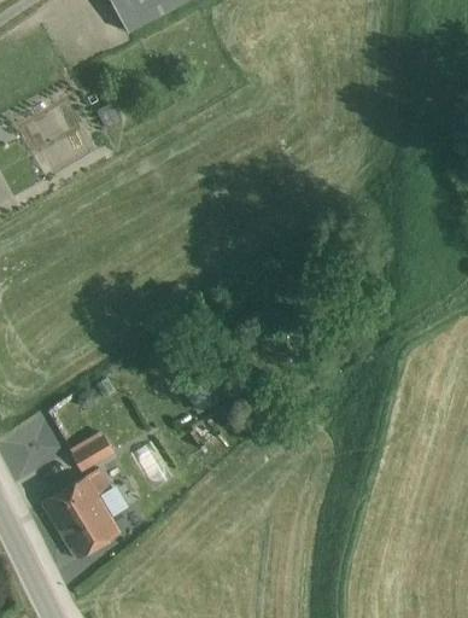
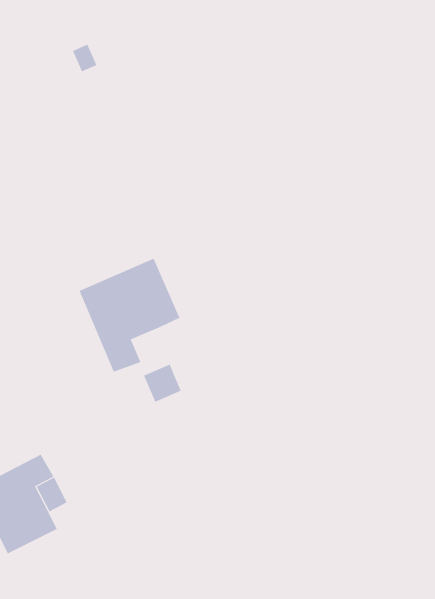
building: none -> [79,258,180,372]
building: [71,435,113,470] -> none

